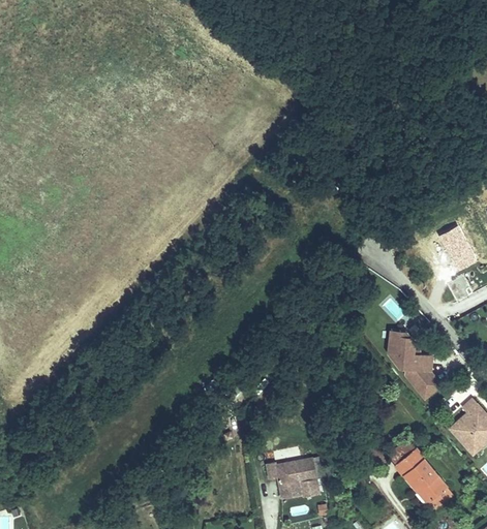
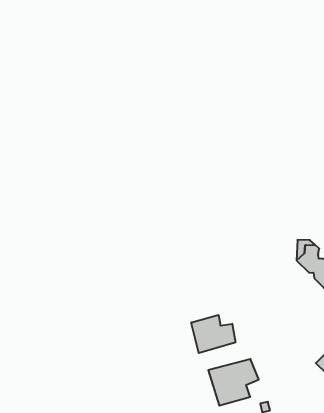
building: none -> [191,315,235,353]

